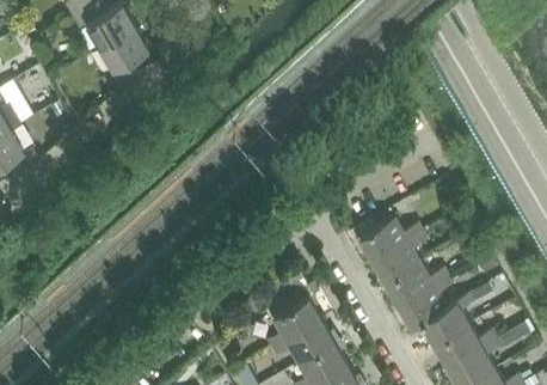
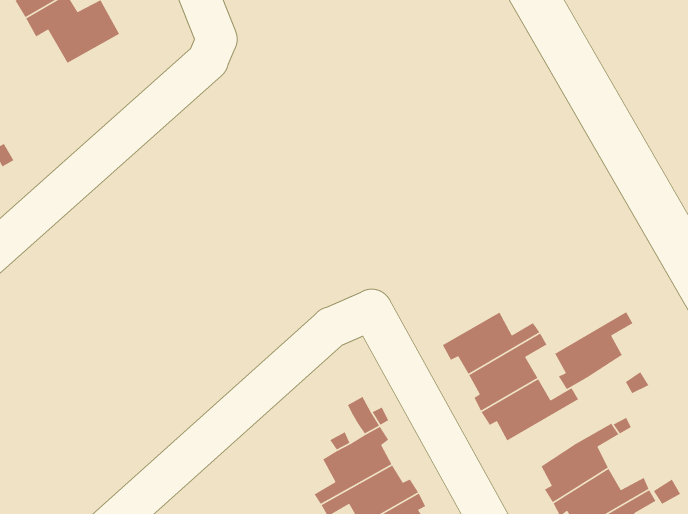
building: [100,29,149,92] -> none
building: [399,277,453,331] -> [554,311,633,390]

